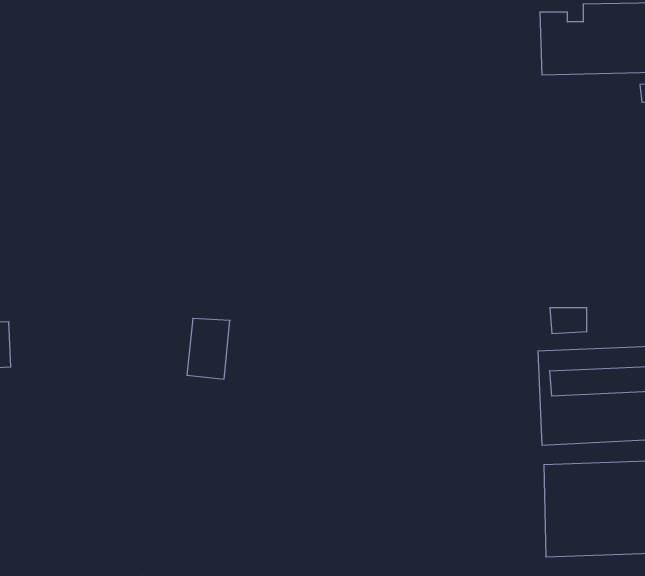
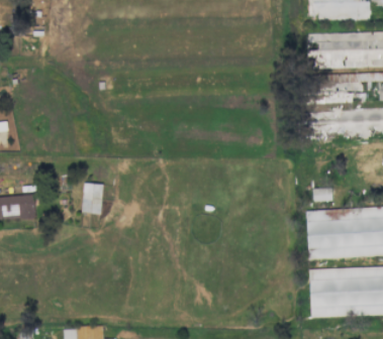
building: [187,318,230,379] -> [82,183,104,214]

